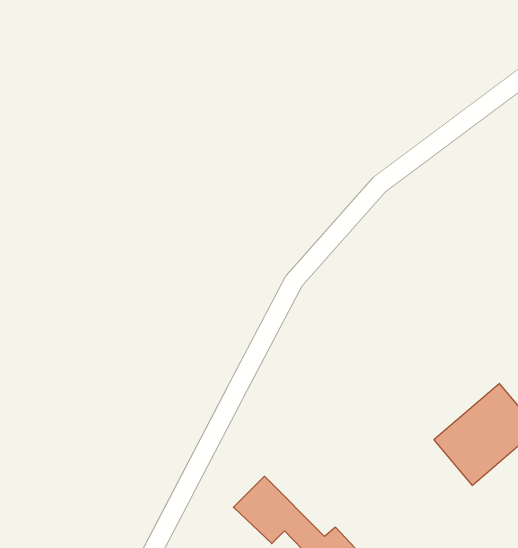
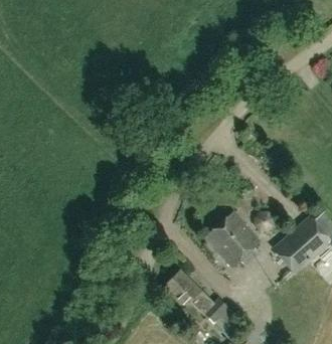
building: none -> [205,212,259,265]

